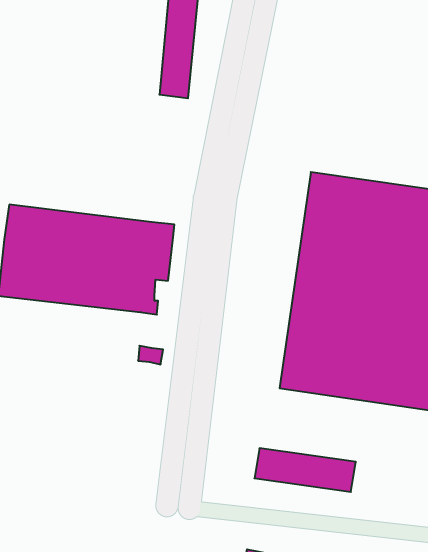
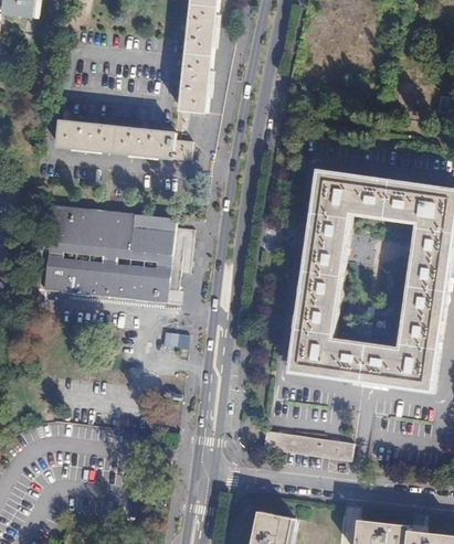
building: none -> [59,120,176,158]

